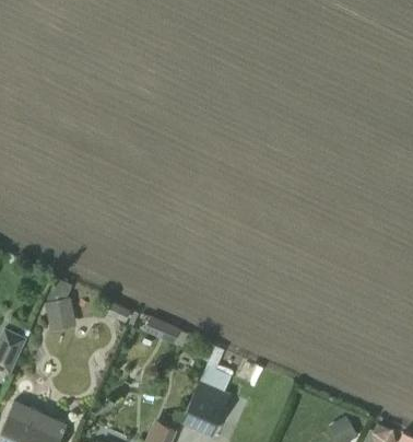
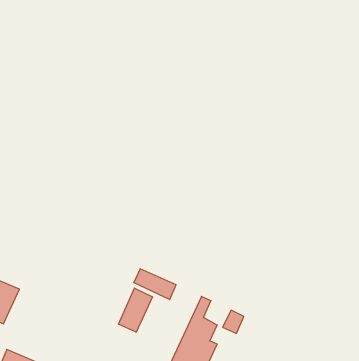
building: [45,295,79,330] -> none
building: none -> [119,288,152,332]

